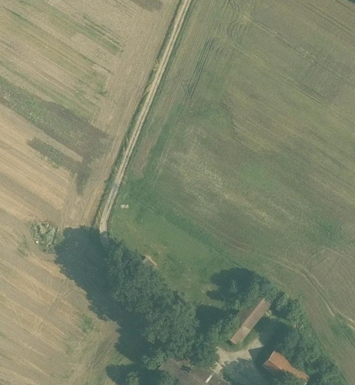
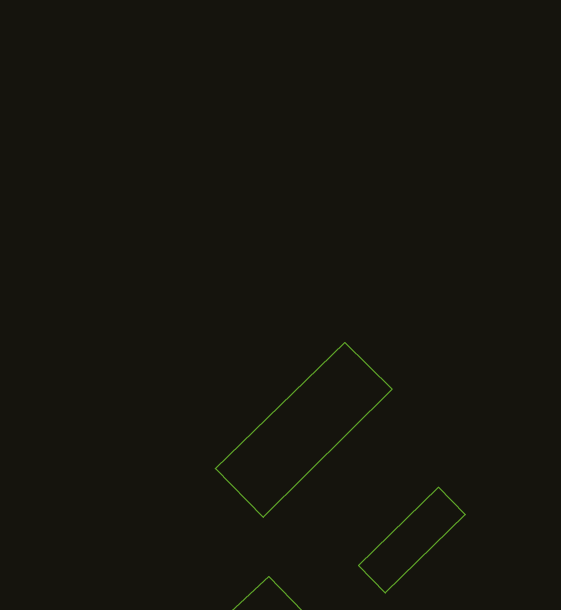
building: none -> [215,343,392,517]

